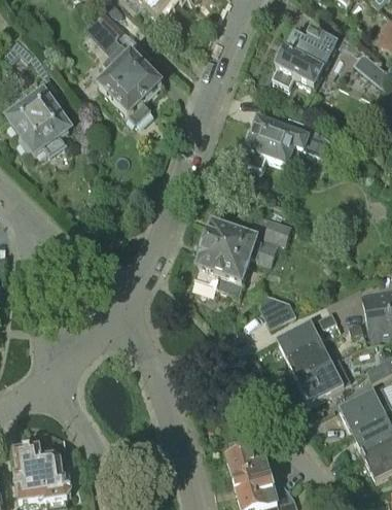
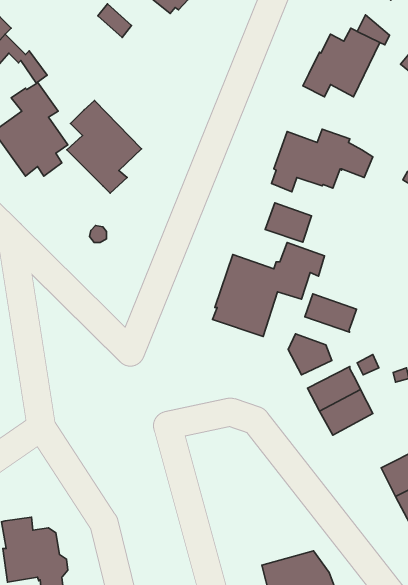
building: [98,42,162,122] -> [67,101,142,193]
building: none -> [265,203,311,242]
building: none -> [305,294,356,332]
building: [296,355,351,402] -> none
building: [225,436,280,488] -> none

